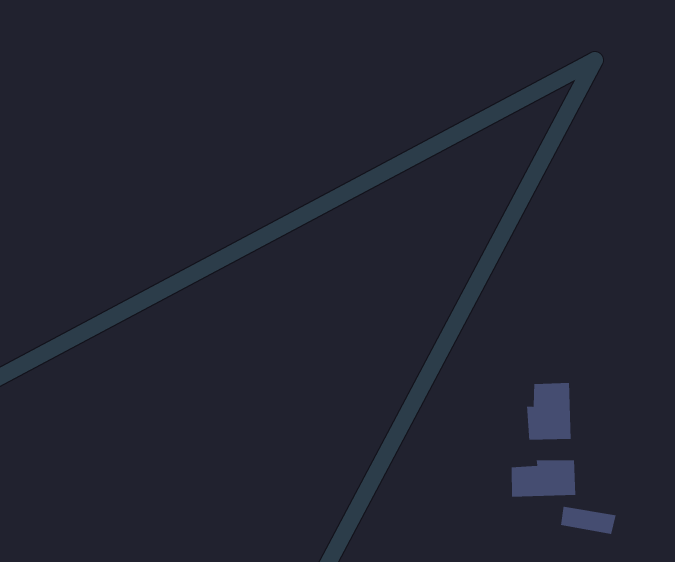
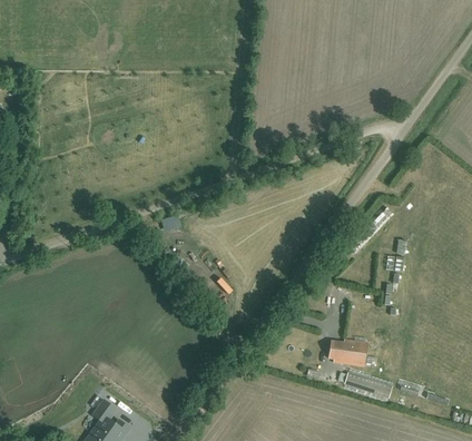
building: [526,382,571,441] -> none

